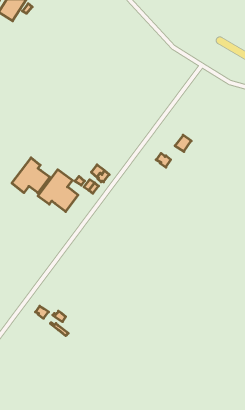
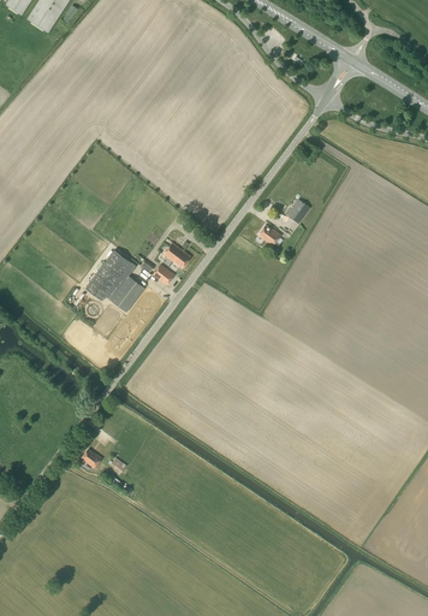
building: [12,158,50,193] -> none

